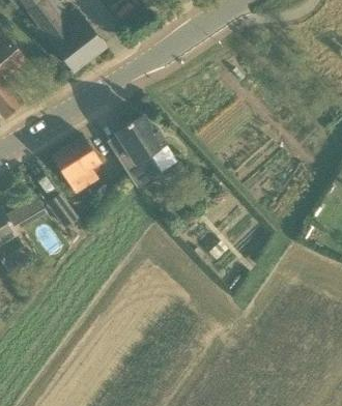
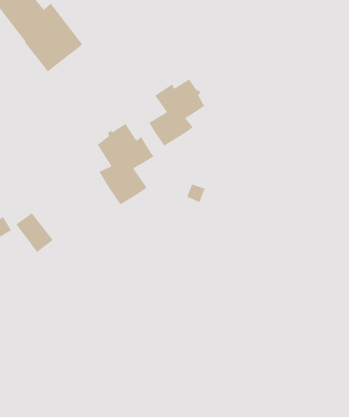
building: none -> [149,78,206,147]
building: [51,135,99,192] -> none

